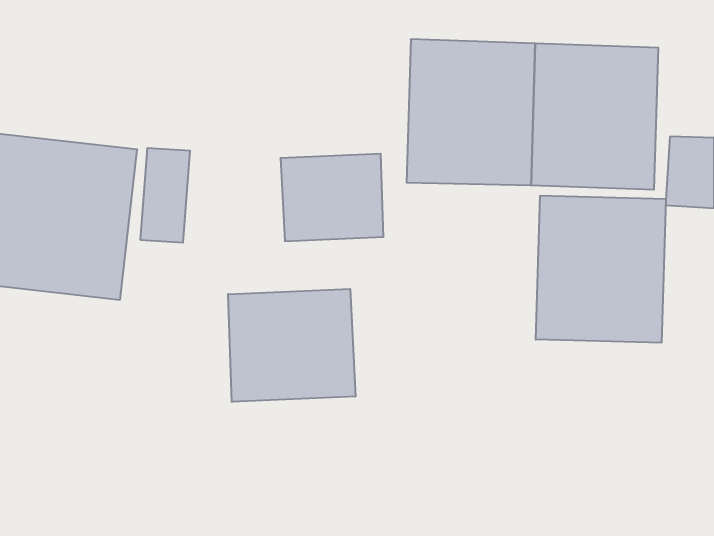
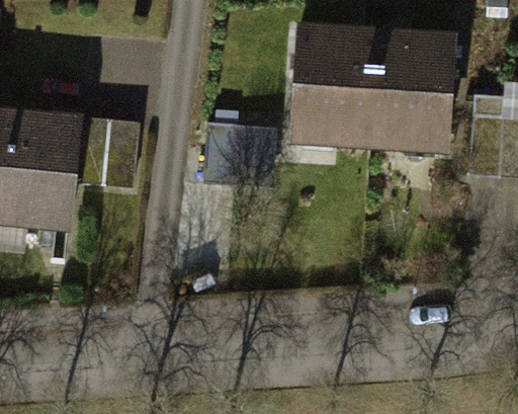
building: [536,196,666,343] -> none
building: [228,289,355,402] -> none

